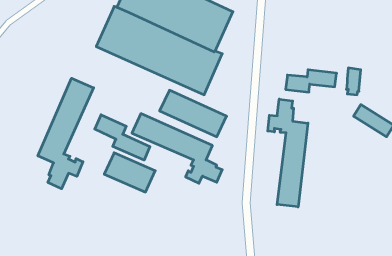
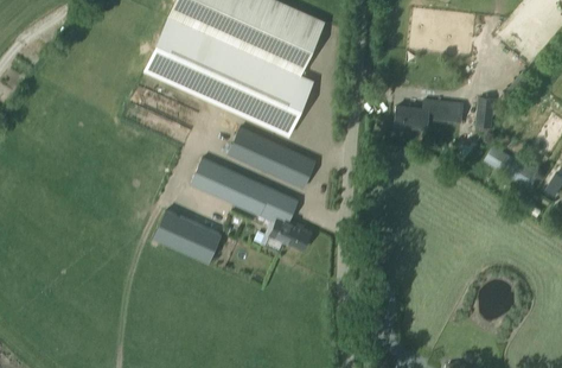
building: [38,78,94,189] -> none
building: [268,99,308,207] -> none
building: [95,115,150,160] -> none

